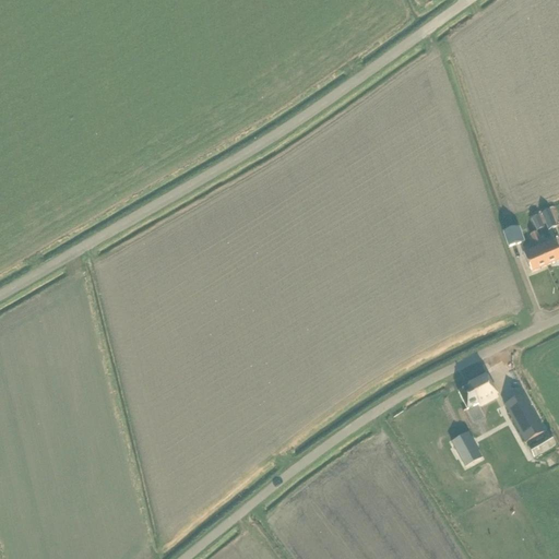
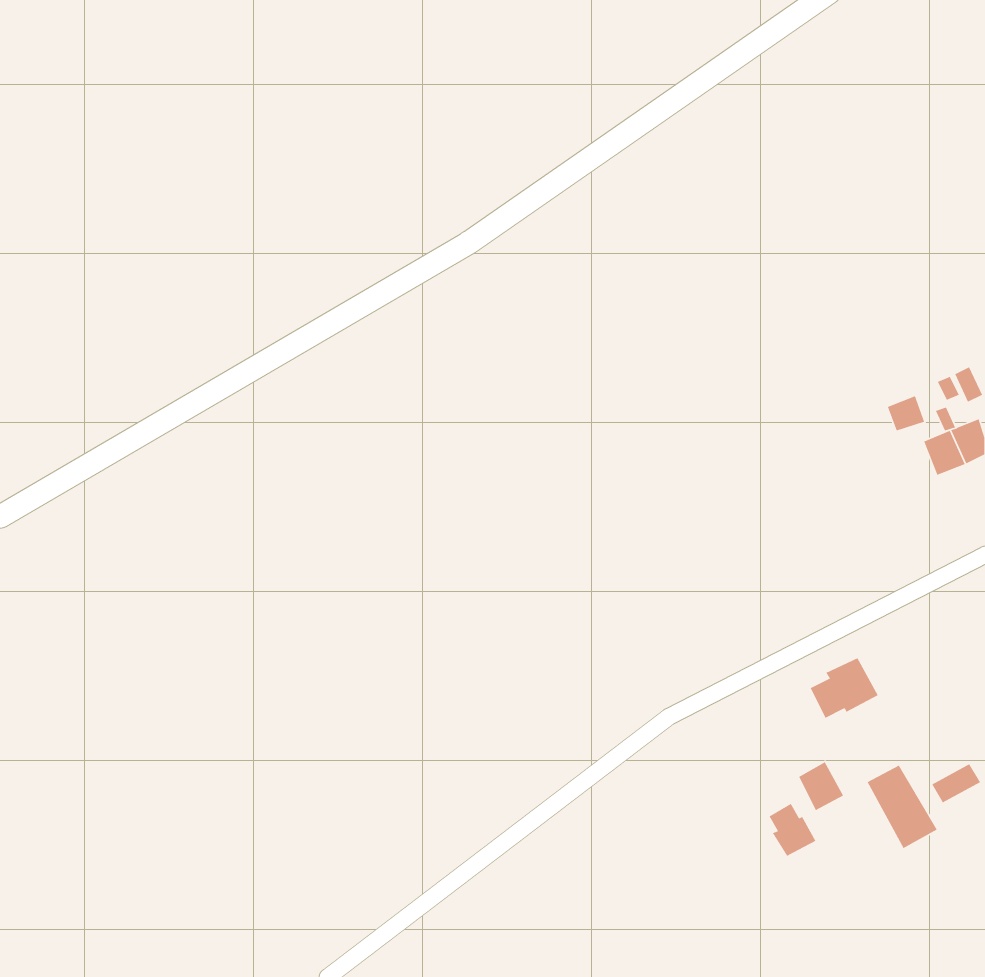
building: [504,392,545,440] -> [866,764,938,849]
building: none -> [768,803,816,857]

